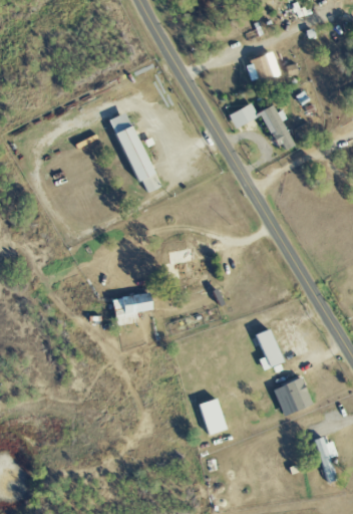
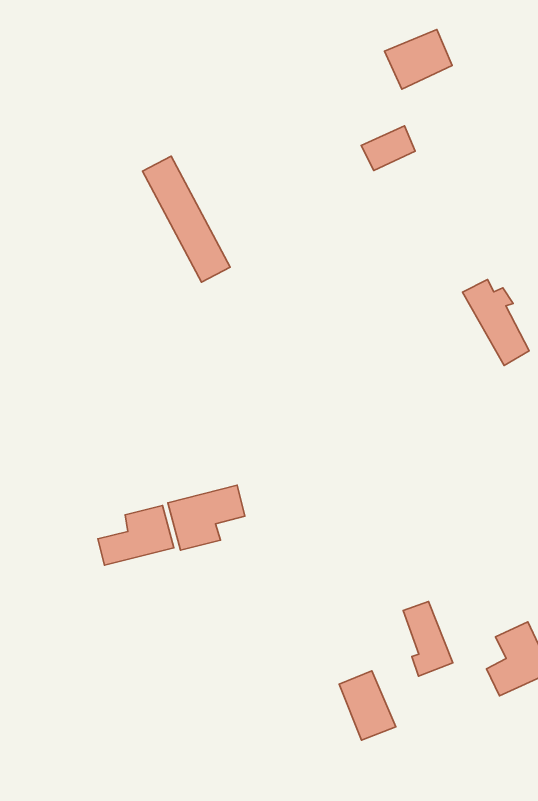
building: [260,104,294,152] -> [462,279,529,365]
building: none -> [98,506,174,565]
building: [257,329,282,369] -> [403,602,453,676]

